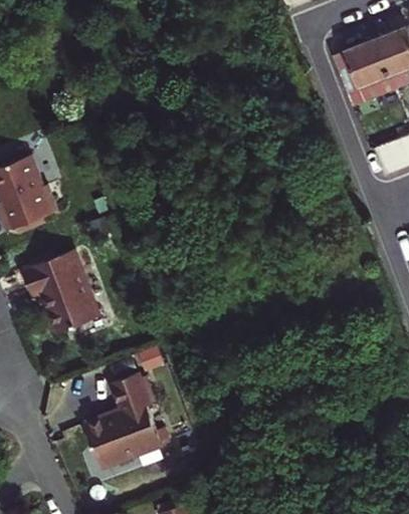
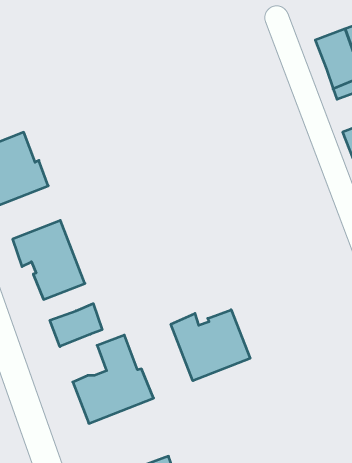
building: none -> [50,304,102,347]
building: none -> [171,310,250,381]

